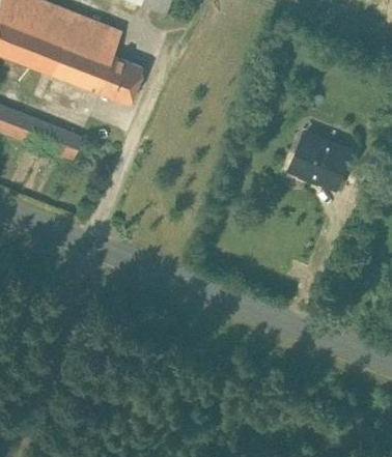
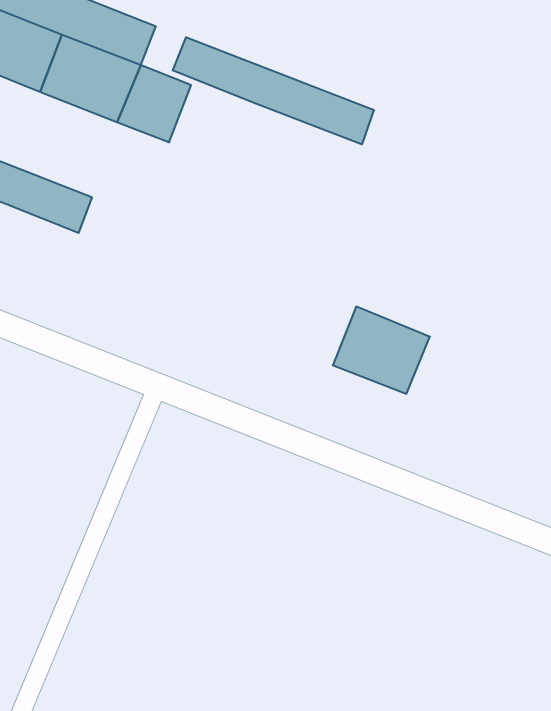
building: none -> [173,37,374,144]
building: [290,132,351,185] -> [333,307,430,394]

